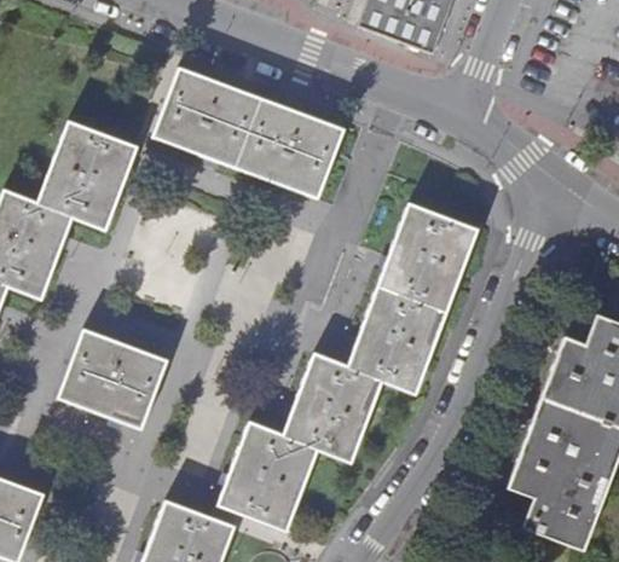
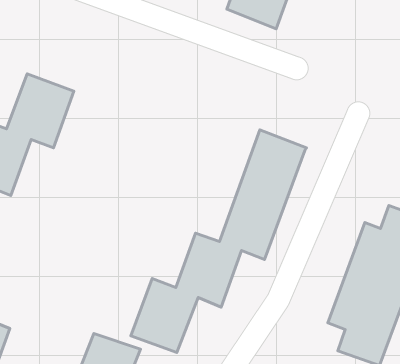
building: [152,68,343,197] -> none
building: [58,331,166,429] -> none

